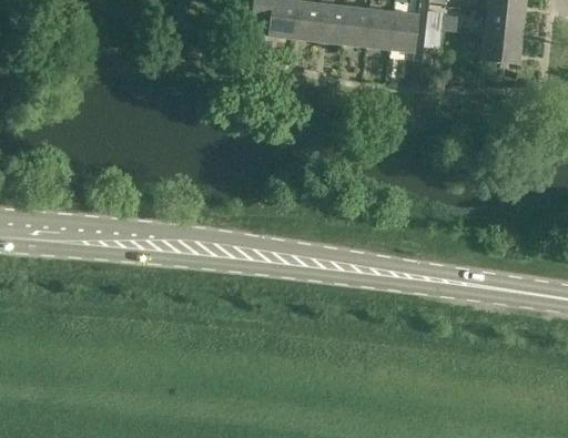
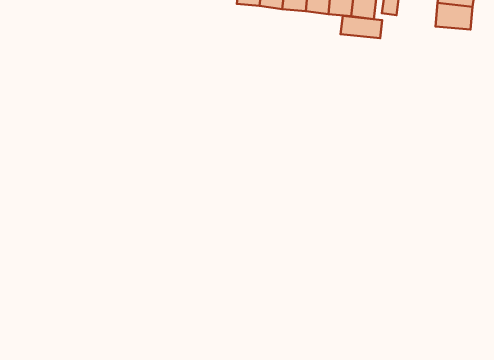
building: none -> [341,16,382,38]

